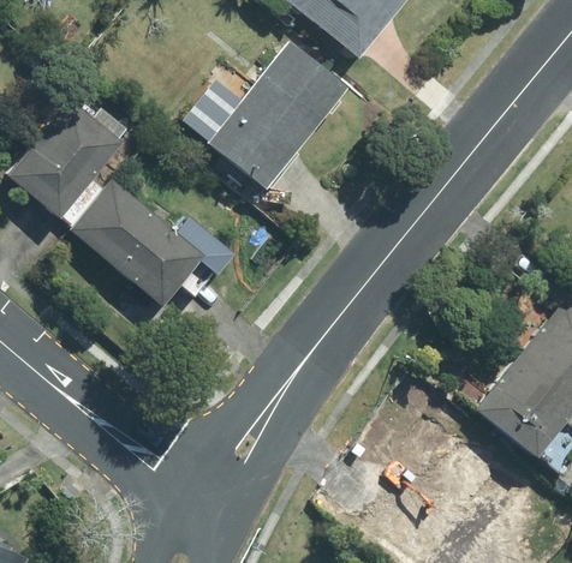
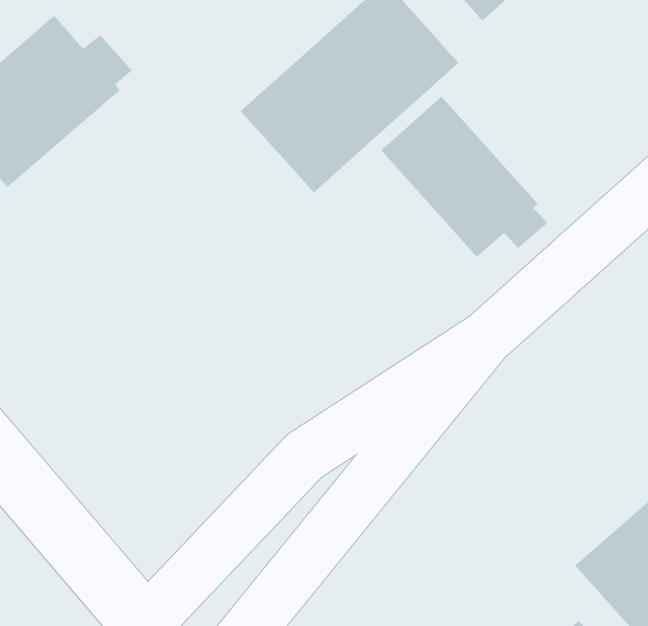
building: none -> [380,96,548,258]
building: [72,180,203,305] -> none

